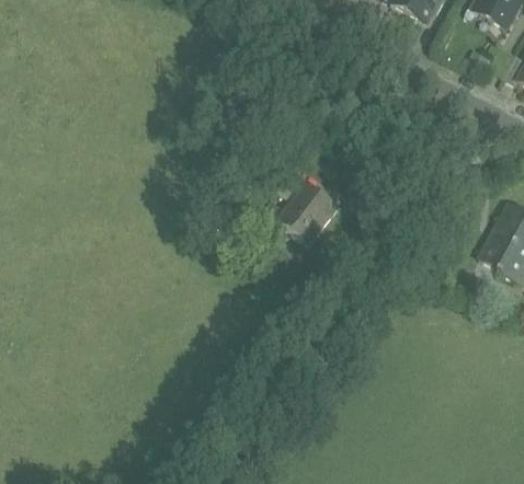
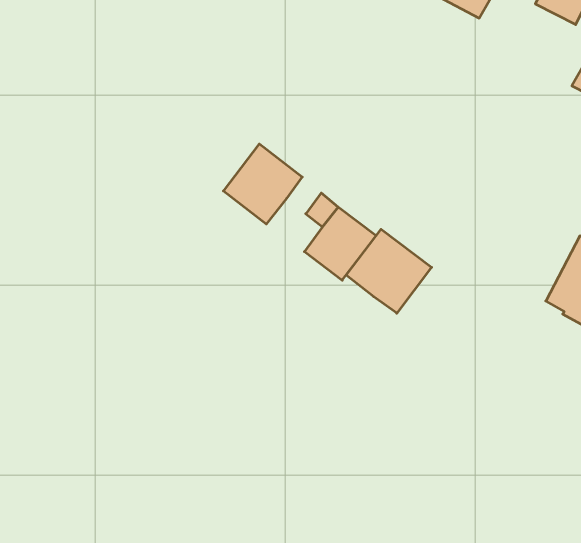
building: none -> [223,144,302,224]
building: none -> [346,229,432,313]

